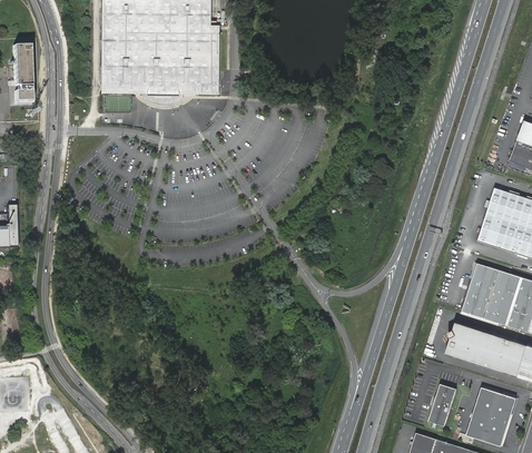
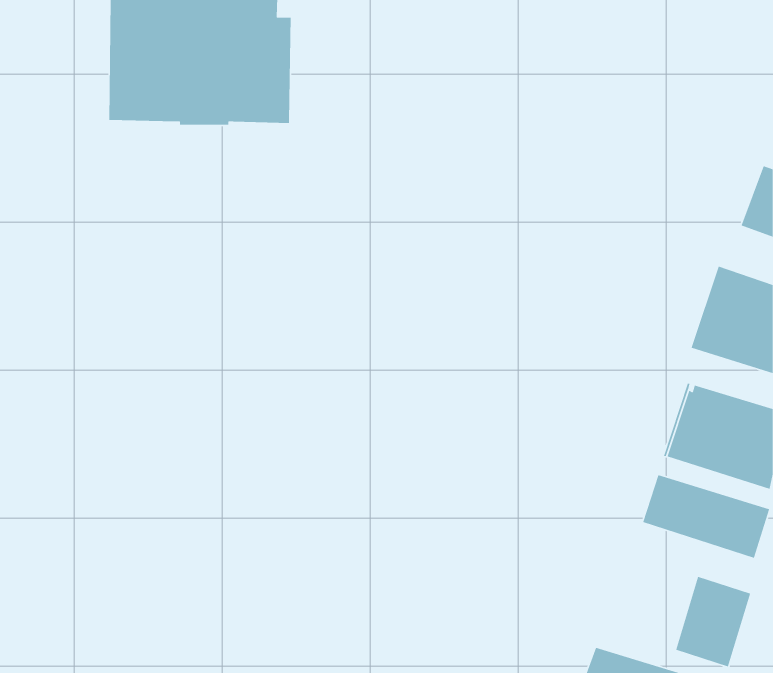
building: [428,384,456,426] -> none

